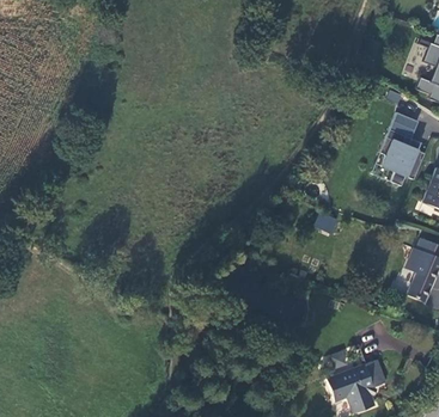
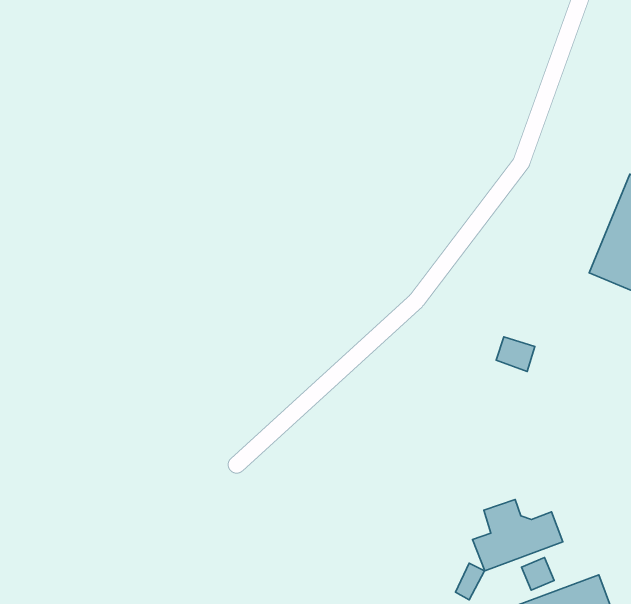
building: none -> [473,499,563,571]

